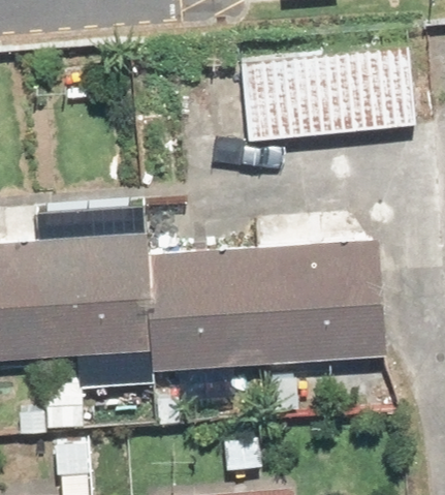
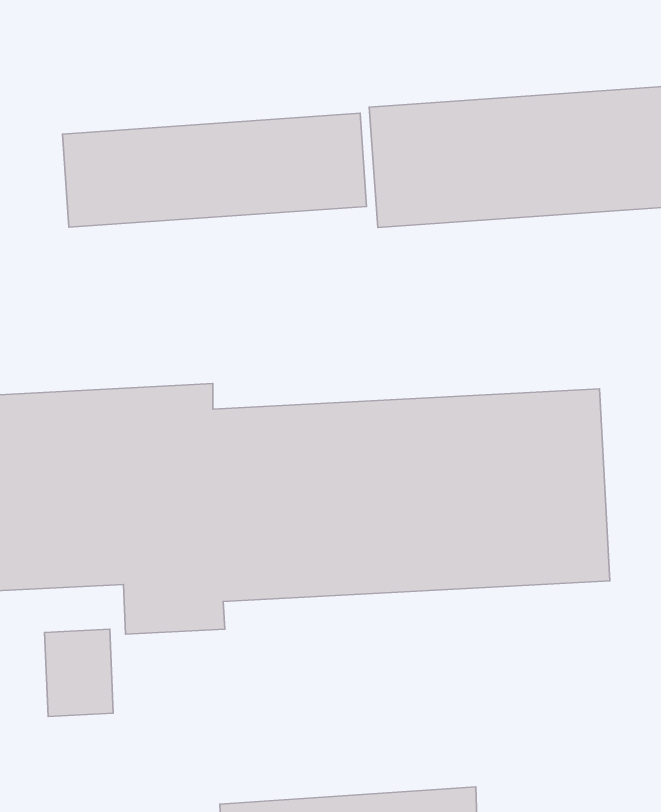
building: none -> [62,113,367,227]

